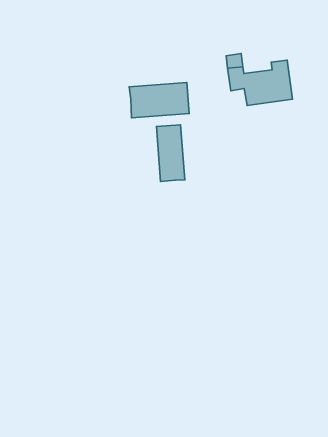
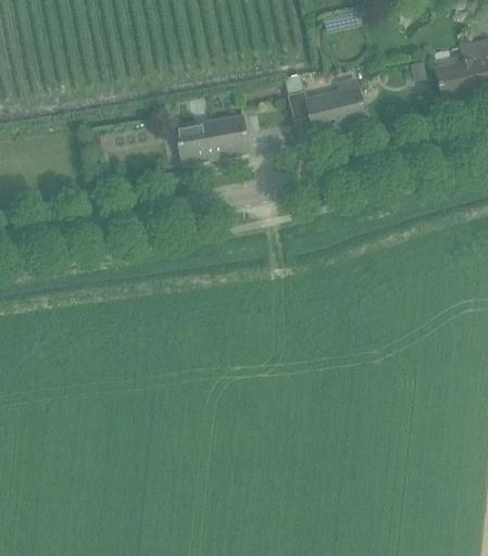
building: [156,125,185,182] -> none

